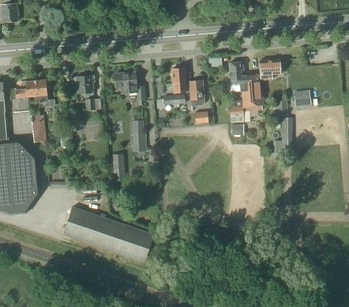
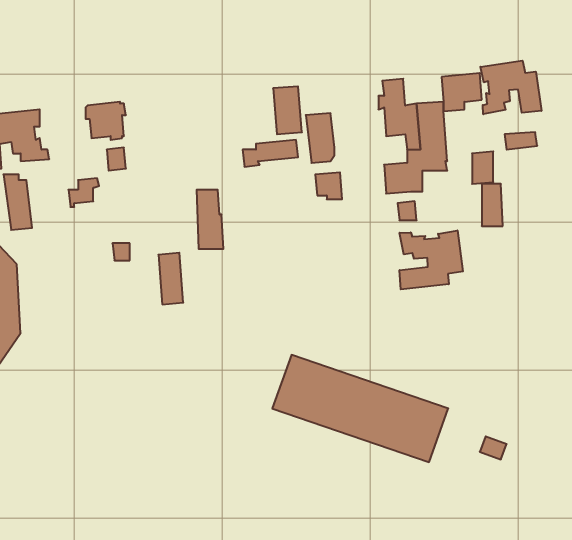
building: none -> [480,61,541,114]
building: [114,71,145,100] -> none
building: none -> [400,230,463,289]
building: [62,206,154,262] -> [272,355,448,462]

